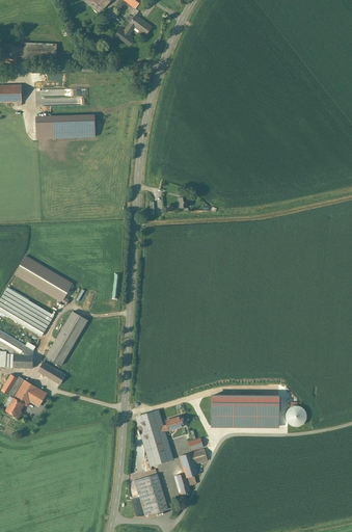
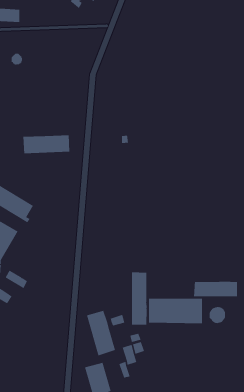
building: [36,114,94,137] -> [22,135,70,154]
building: [46,311,87,364] -> none
building: none -> [131,271,147,325]
building: none -> [194,281,238,297]

